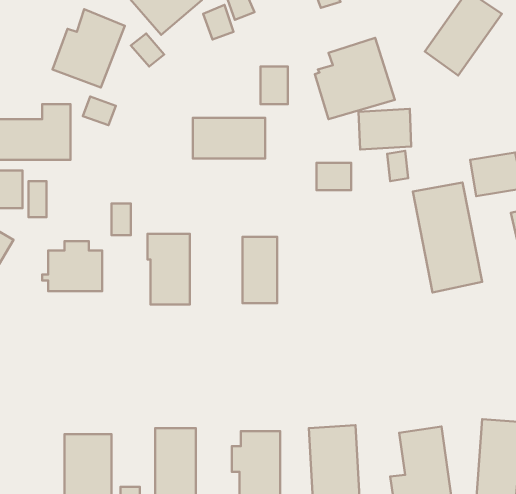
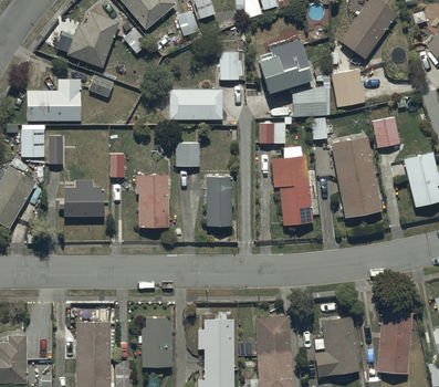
building: none -> [332,69,365,105]
building: none -> [175,138,199,161]
building: none -> [271,146,312,224]

